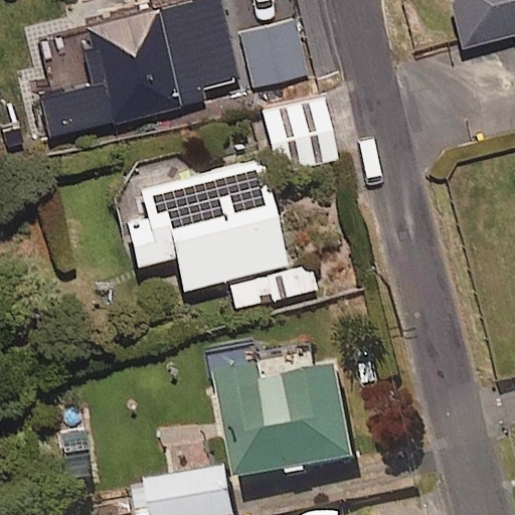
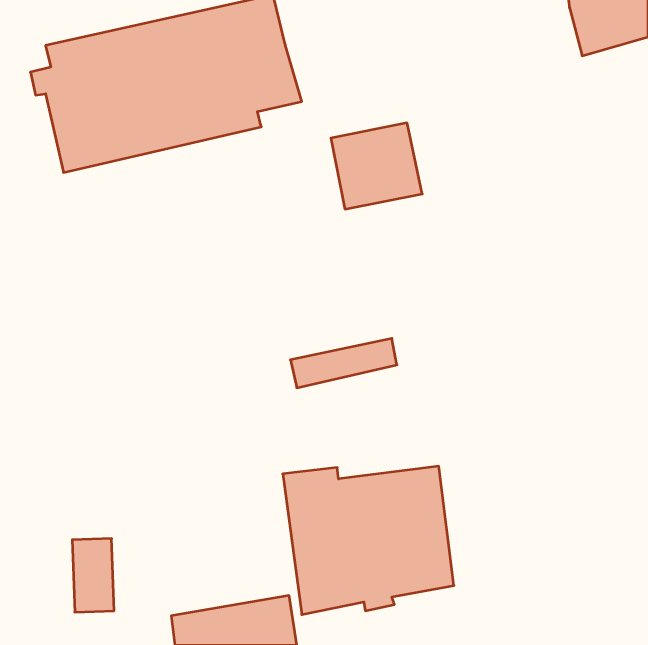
building: [226,19,309,89] -> none
building: [126,160,286,292] -> none

